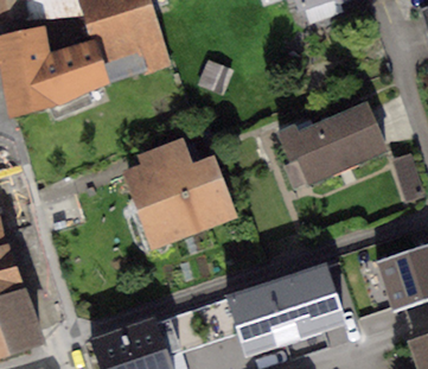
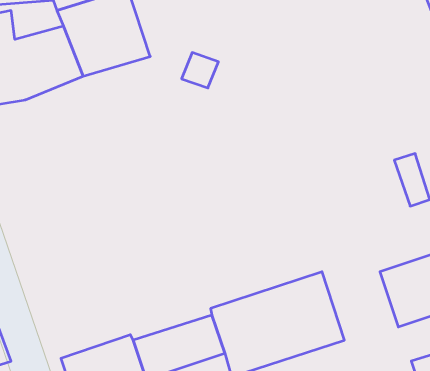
building: [279,100,389,191] -> none
building: [122,138,238,250] -> none

